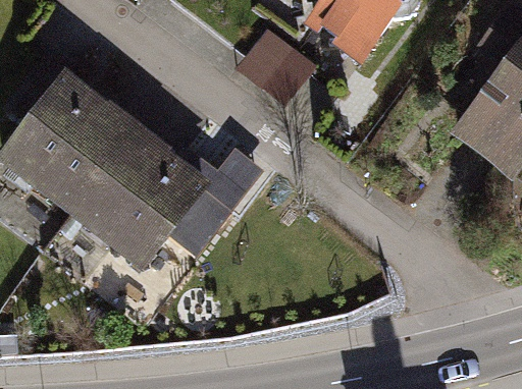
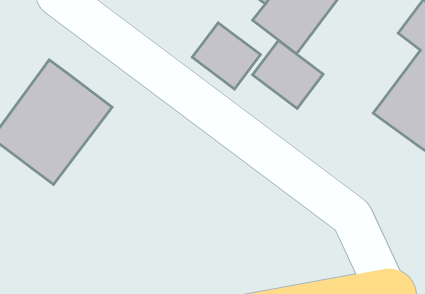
building: none -> [253,41,323,108]
building: [74,127,238,274] -> none

